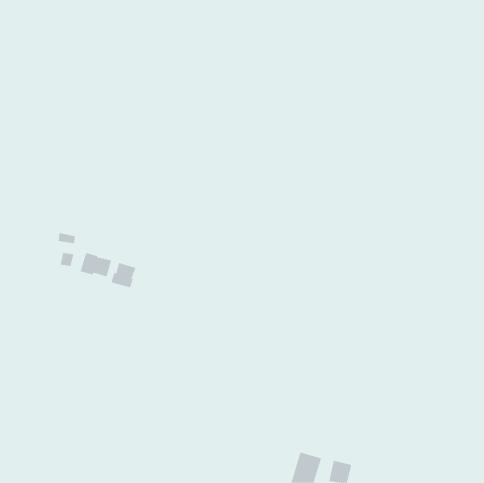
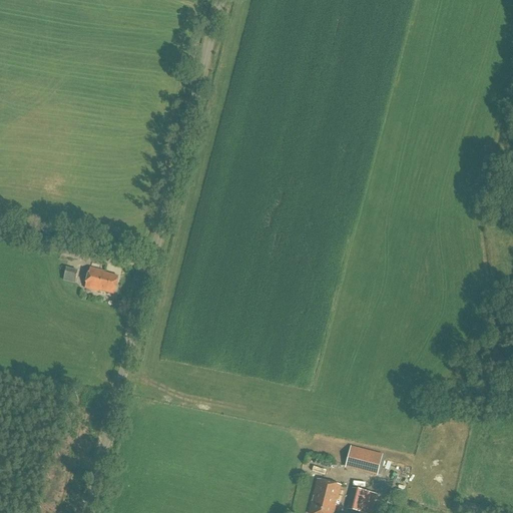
building: [111,262,136,288] -> none
building: none -> [347,446,383,472]

